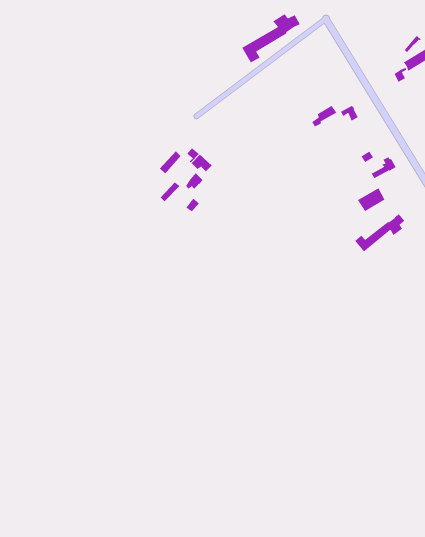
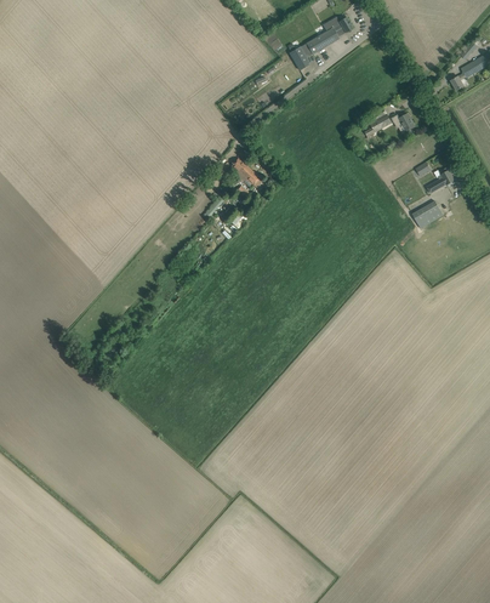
building: [354,213,405,253] -> none

